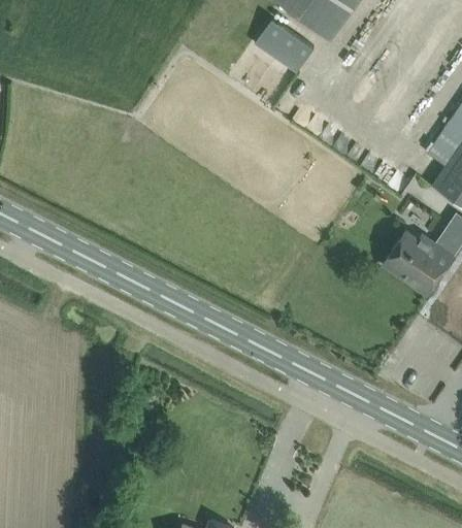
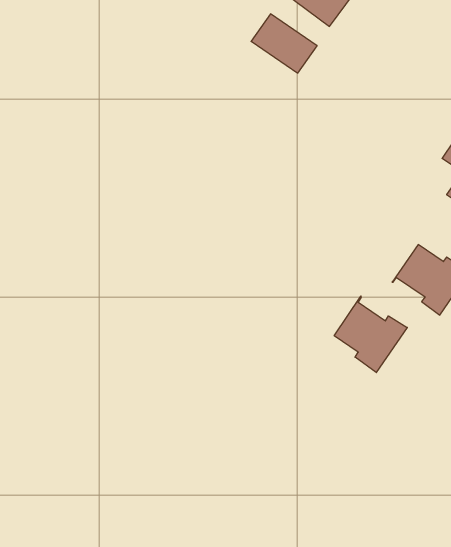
building: none -> [334,296,407,373]

